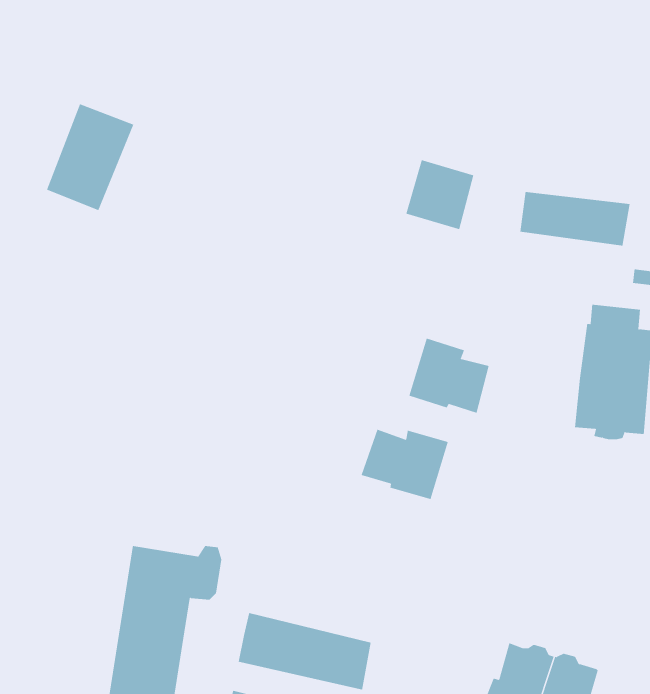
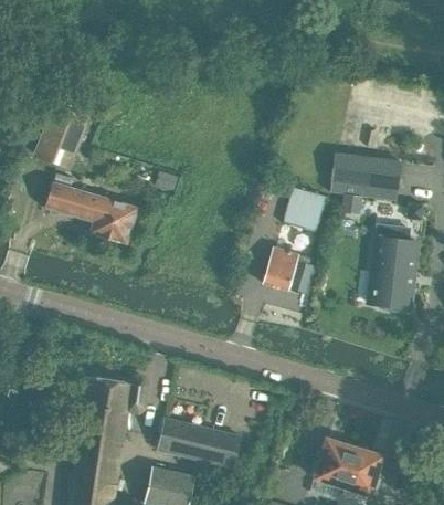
building: [405,159,474,230] -> [282,188,325,232]
building: none -> [330,180,363,213]
building: none -> [44,182,138,242]
building: [361,429,449,500] -> none

